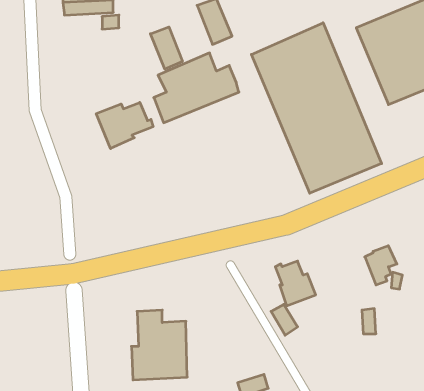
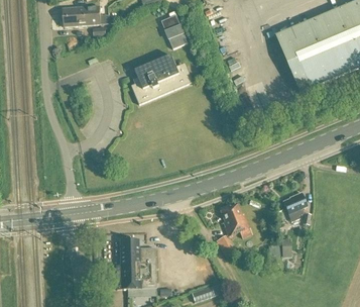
building: [251,23,382,193] -> none
building: [150,27,182,69] -> none
building: [96,102,153,149] -> none

